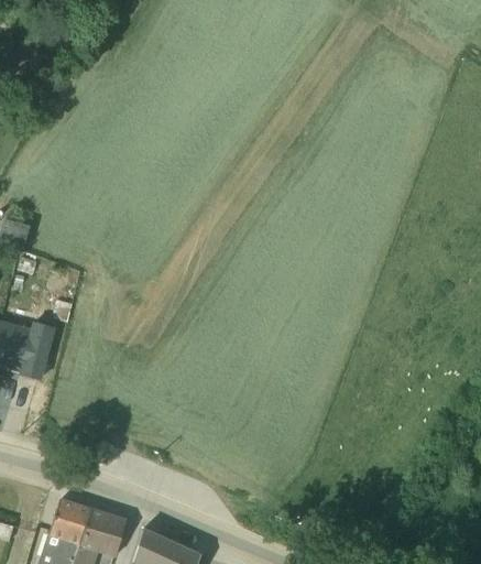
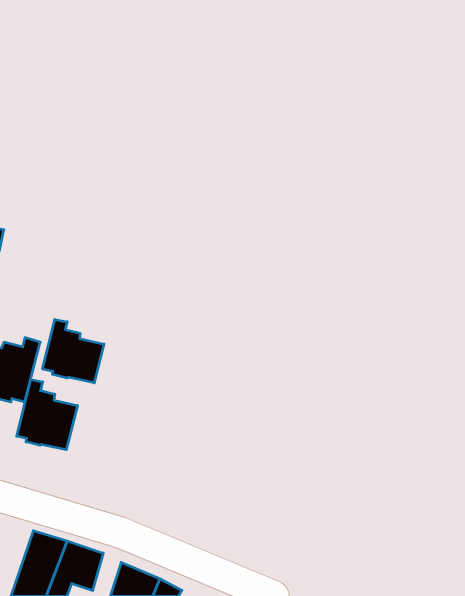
building: none -> [43,319,104,383]
building: none -> [17,380,77,450]

